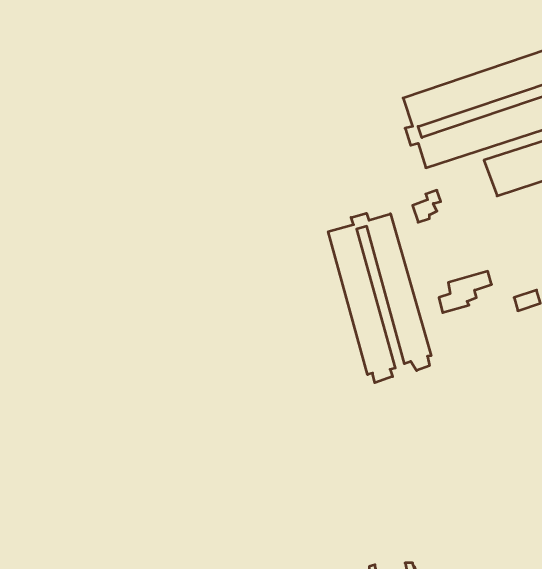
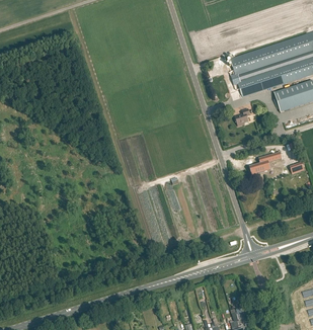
building: [328,213,431,383] -> none

